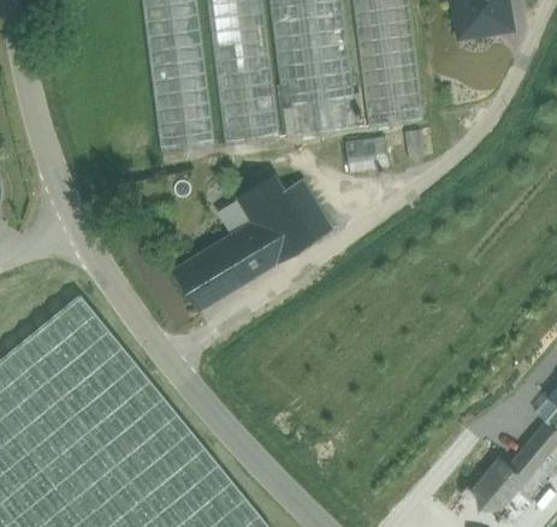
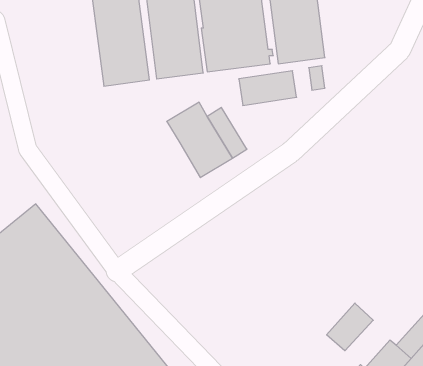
building: [173,221,275,309] -> none
building: none -> [327,303,373,351]

